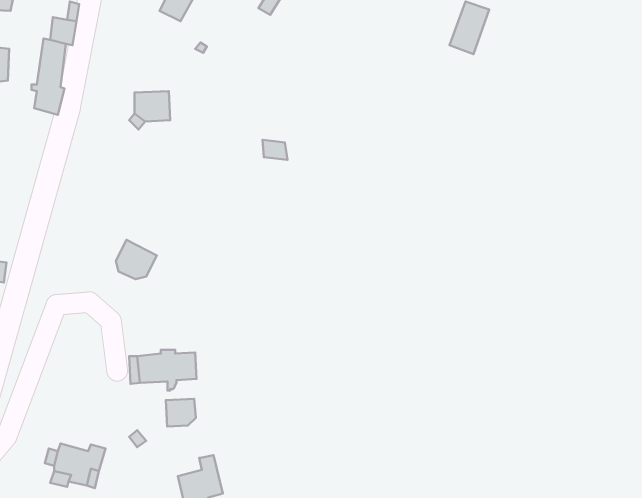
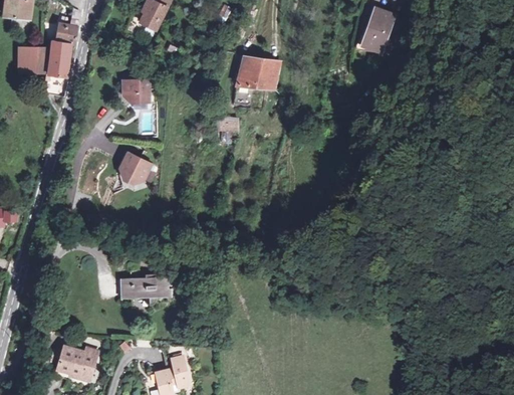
building: none -> [26,46,45,70]
building: none -> [232,56,280,105]
building: [116,240,157,279] -> [120,152,152,182]
building: [166,399,196,426] -> none

